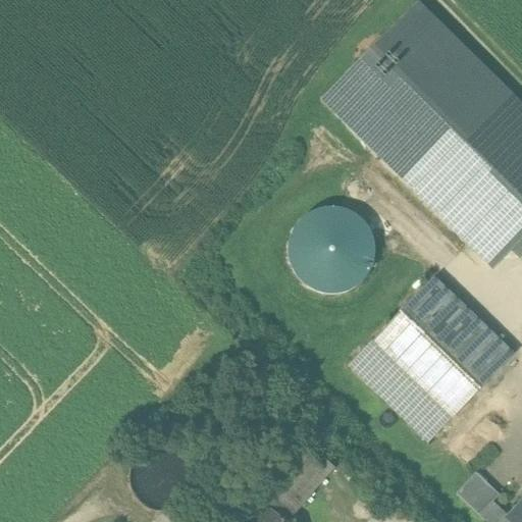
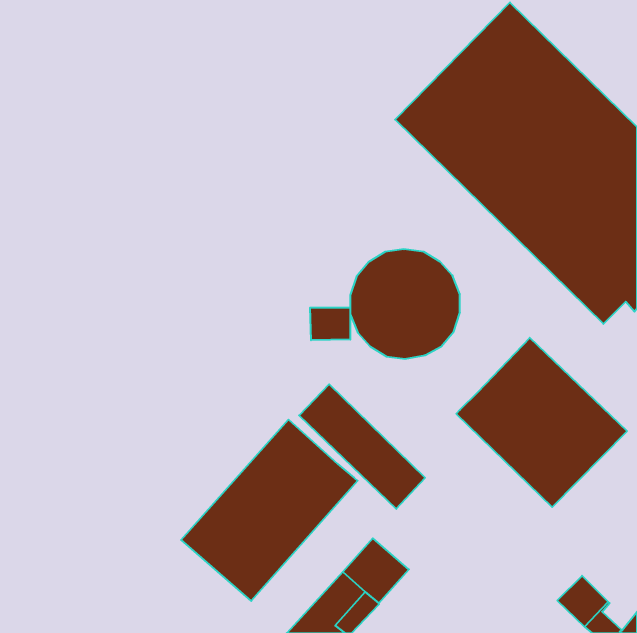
building: none -> [310,308,350,340]
building: [349,338,452,440] -> [299,384,425,509]
building: none -> [181,420,358,601]

